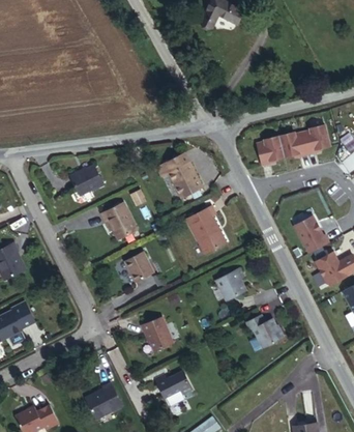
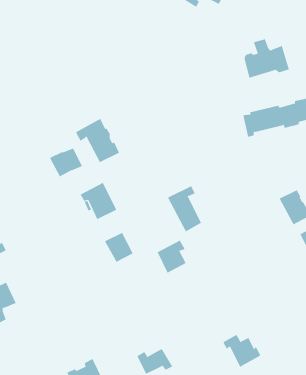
building: none -> [244,39,289,79]
building: [153,155,199,201] -> [75,118,120,163]
building: [213,269,243,304] -> [157,240,186,273]
building: [243,317,283,351] -> [222,334,261,368]
building: [140,320,173,354] -> none

